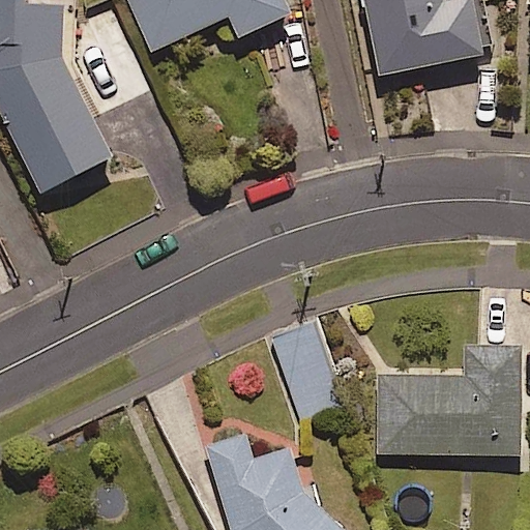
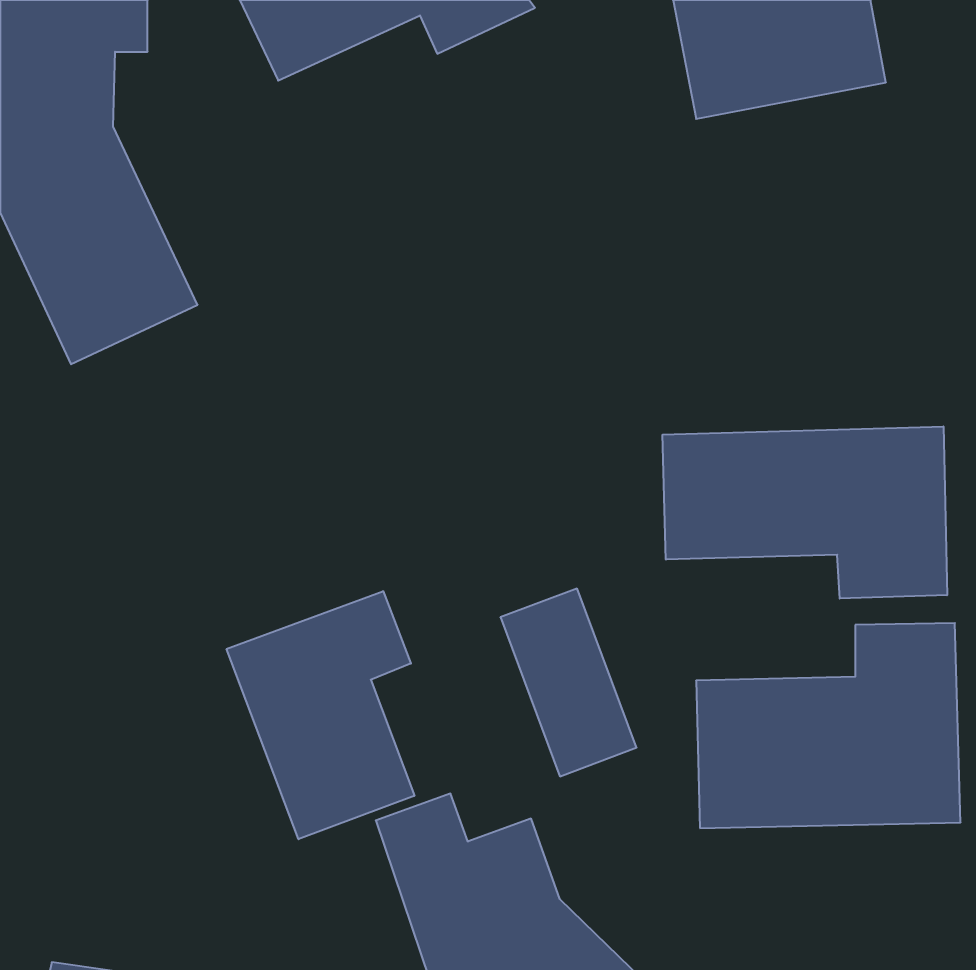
building: none -> [663,426,947,599]
building: none -> [227,591,414,839]

